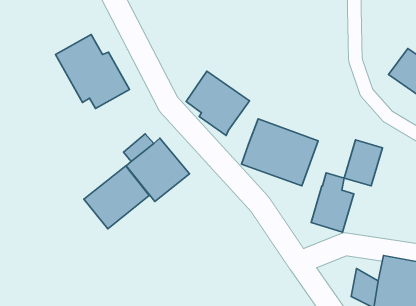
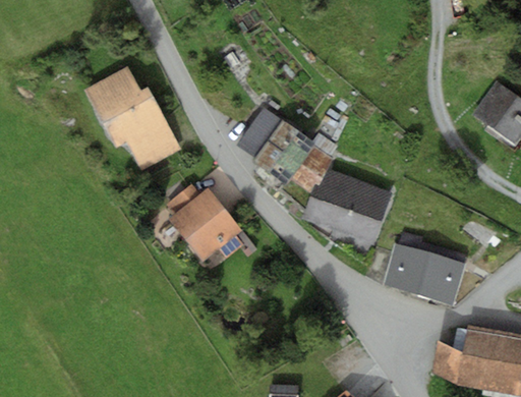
building: none -> [132,130,182,171]
building: none -> [288,133,334,194]
building: [344,140,383,186] -> [421,252,466,306]
building: [84,166,149,229] -> none

